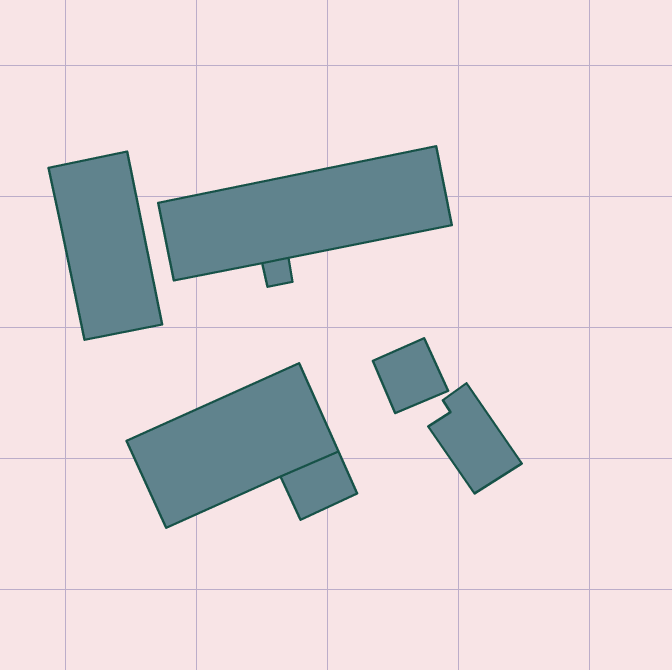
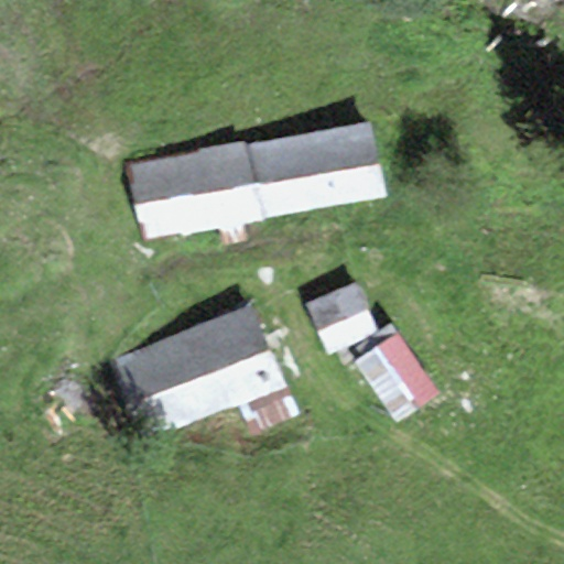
building: [48,152,162,340] -> none

